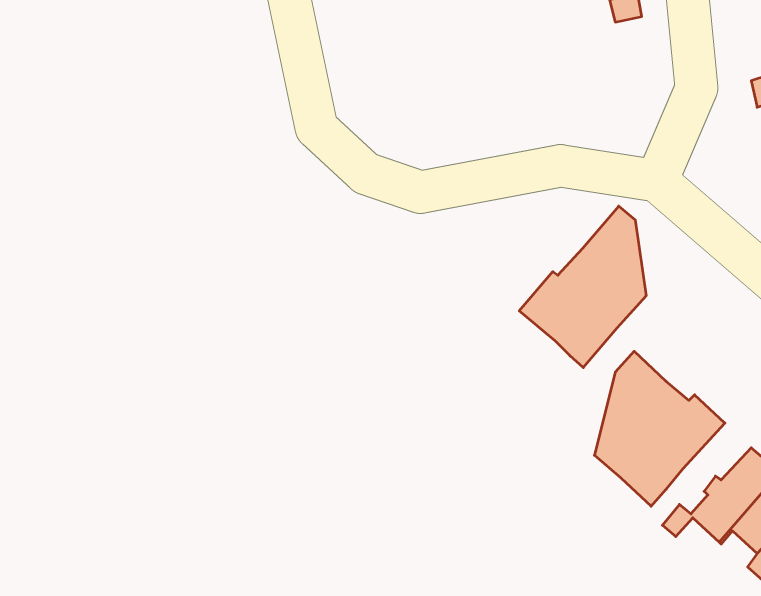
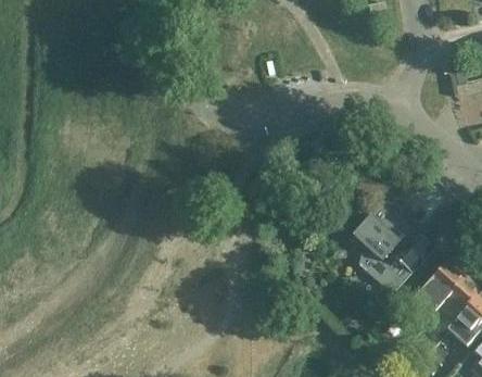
building: [519,206,646,368] -> none

